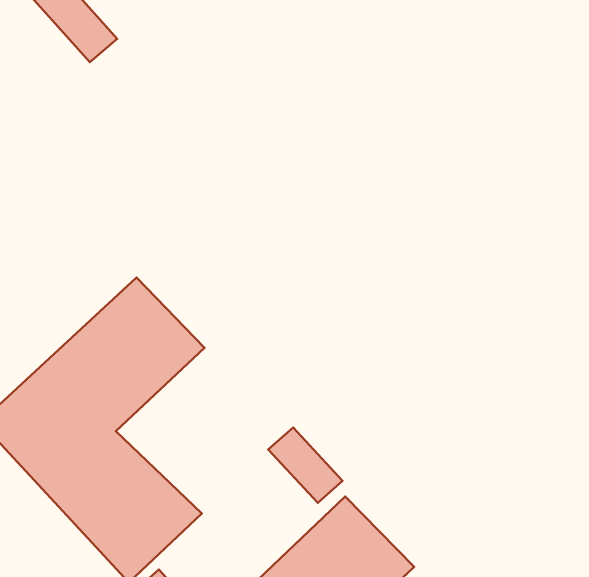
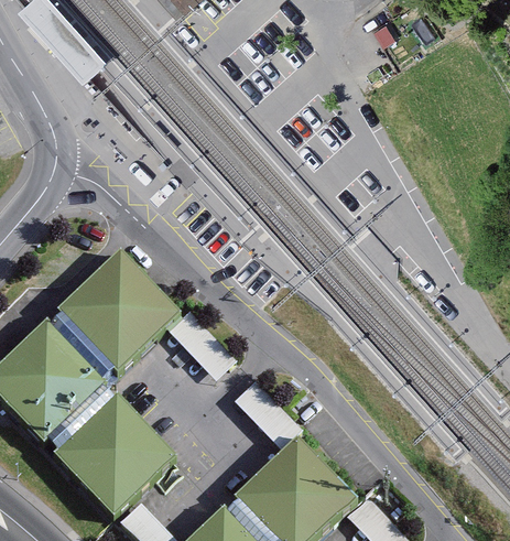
building: none -> [165,310,232,379]

